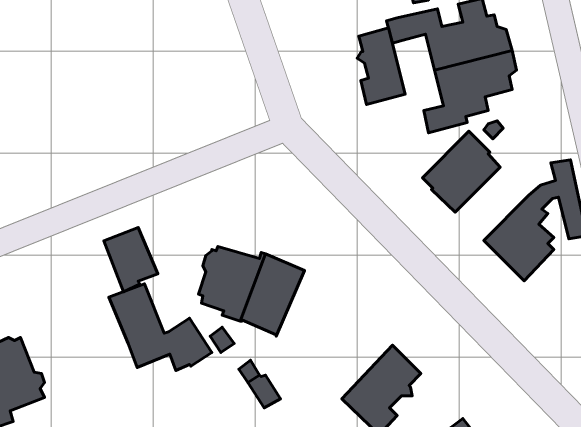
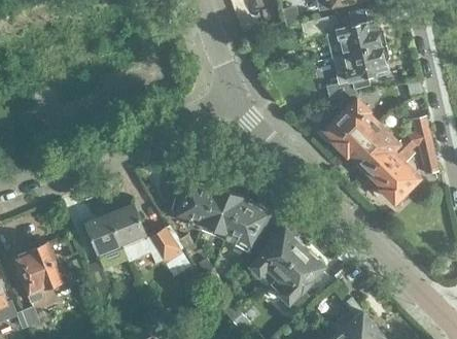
building: [357,28,405,104] -> none
building: none -> [348,125,398,175]
building: [104,228,158,292] -> [85,214,122,259]
building: none -> [224,196,270,253]
building: none -> [251,229,305,284]

